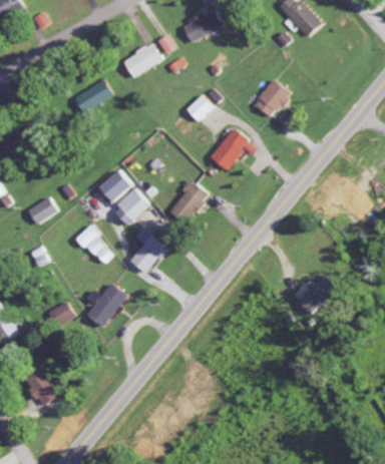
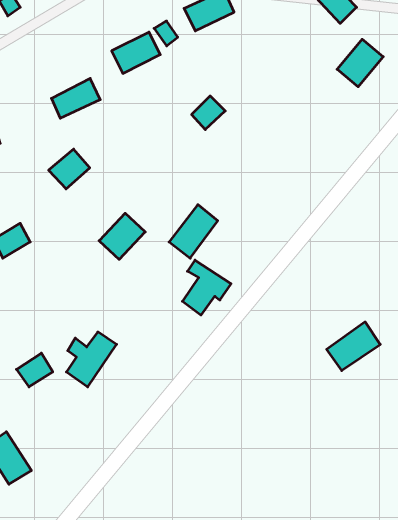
building: [253,79,290,117] -> [337,39,383,87]
building: [210,128,257,171] -> none
building: [98,169,131,201] -> [49,149,90,189]
building: [76,224,113,266] -> none
building: [130,228,169,273] -> [182,260,231,315]

